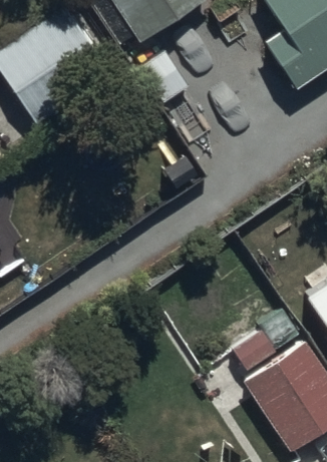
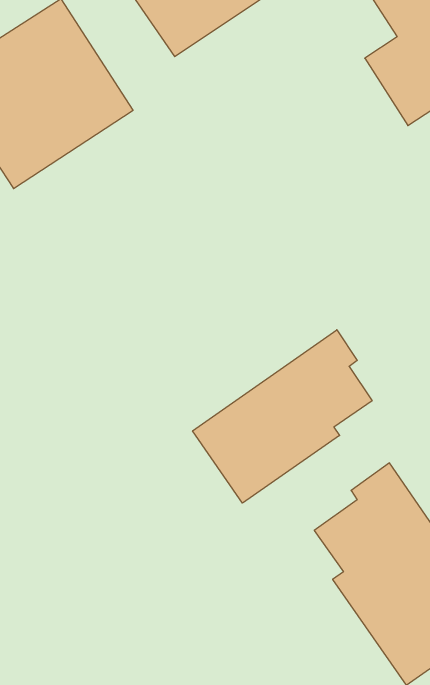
building: none -> [193,330,372,503]

